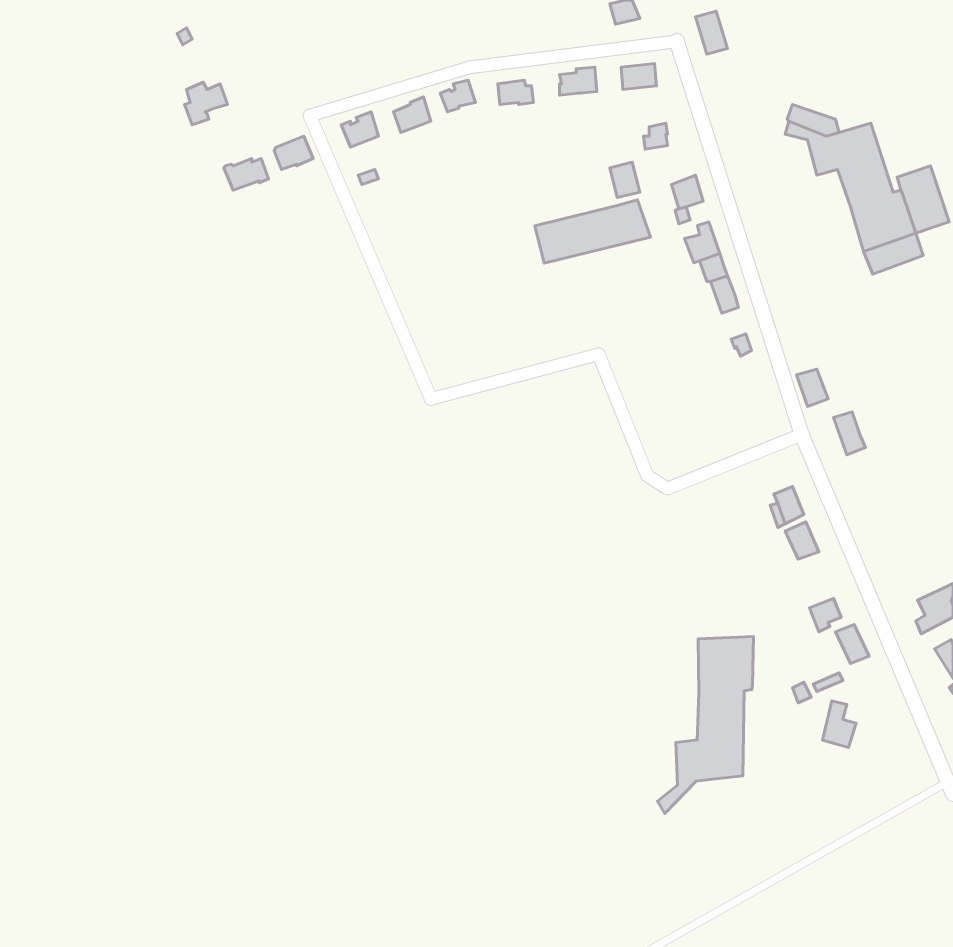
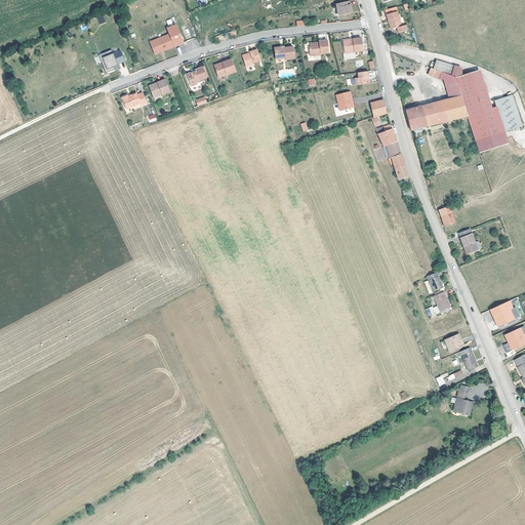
building: none -> [150,25,183,54]
building: [535,200,651,263] -> [404,96,468,131]
building: none -> [489,299,519,327]
building: [658,636,754,814] -> none

